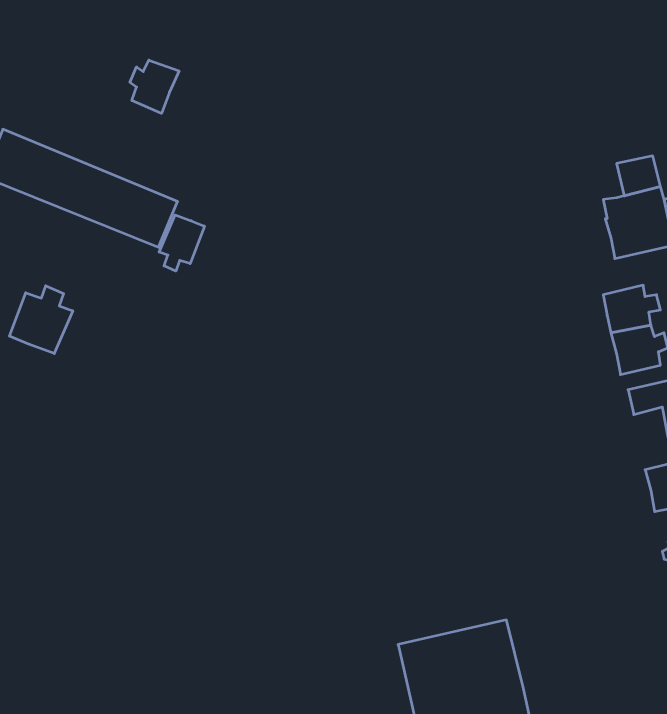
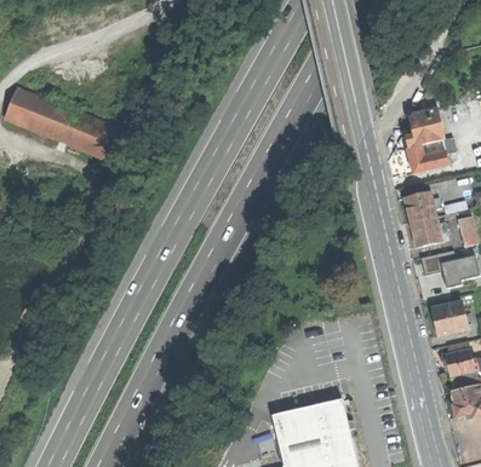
building: [130,60,179,113] -> none
building: [159,215,204,271] -> none
building: [9,286,73,354] -> none

